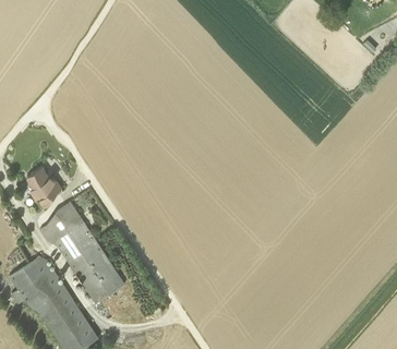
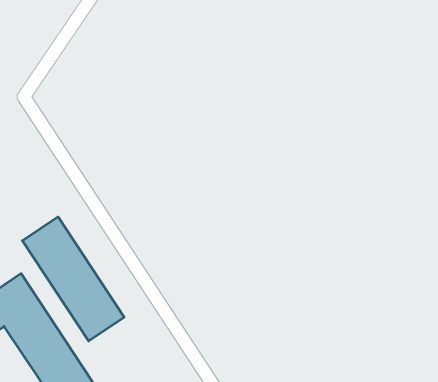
building: [29,163,62,201] -> none

